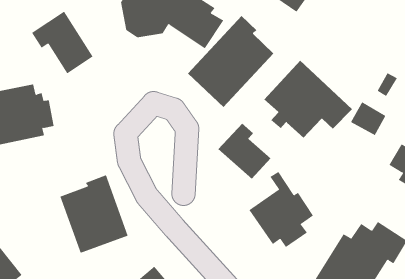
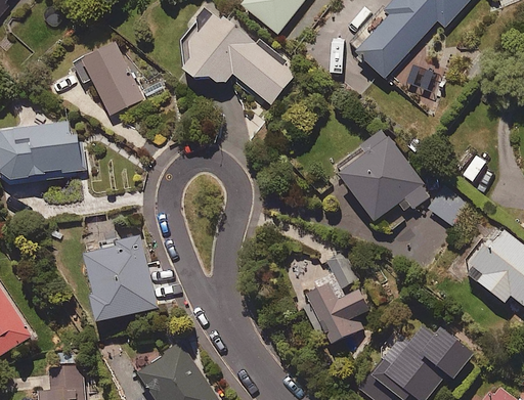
building: [187,15,274,108] -> none
building: [218,123,271,179] -> none

